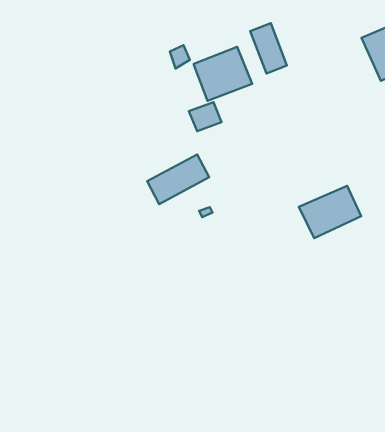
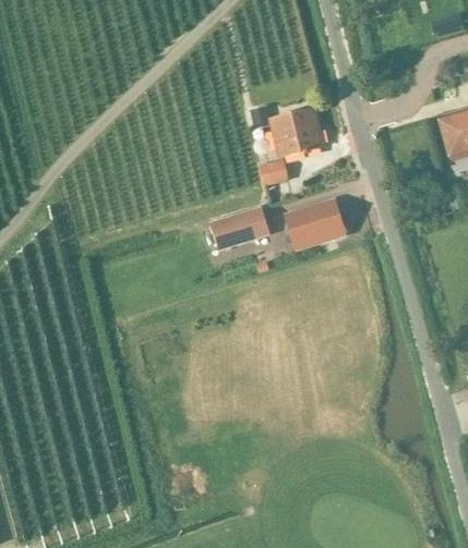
building: [250,23,287,73] -> none
building: [299,186,361,238] -> [286,200,346,247]

